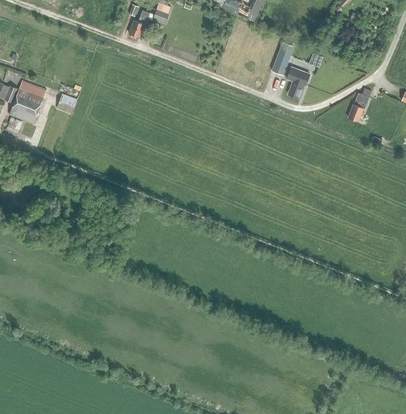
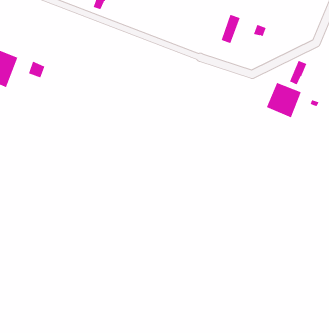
building: [287,66,310,97] -> none
building: none -> [266,82,302,118]

